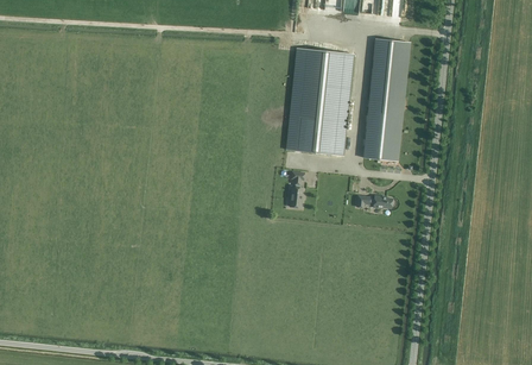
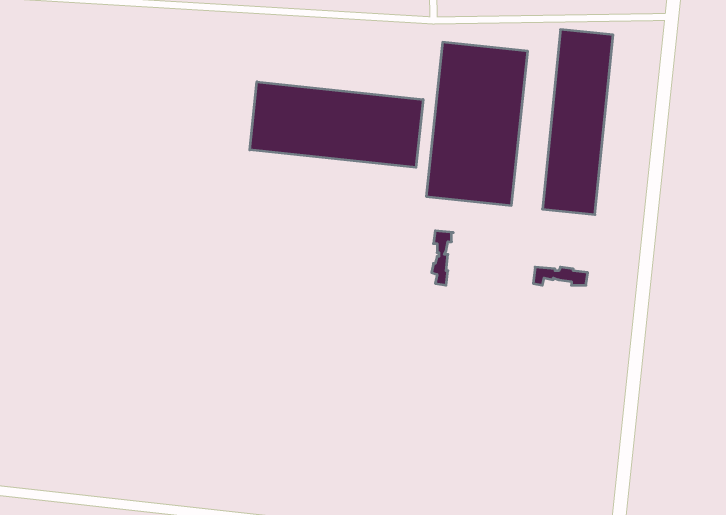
building: none -> [250,82,423,167]

